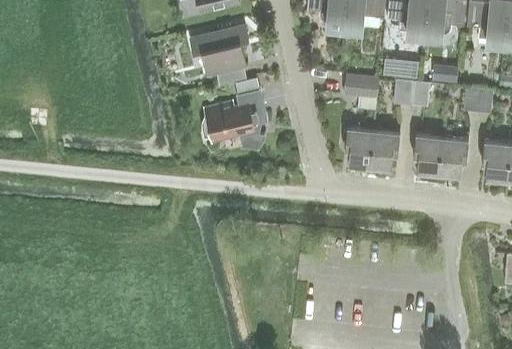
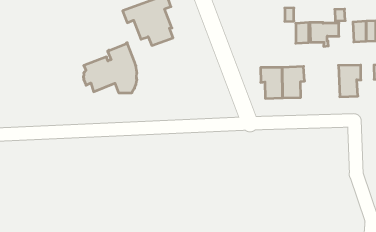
building: [344,74,378,98] -> none
building: [202,88,267,149] -> [83,43,137,93]
building: [413,134,441,174] -> none

